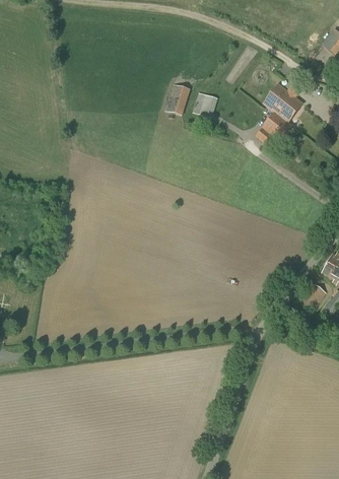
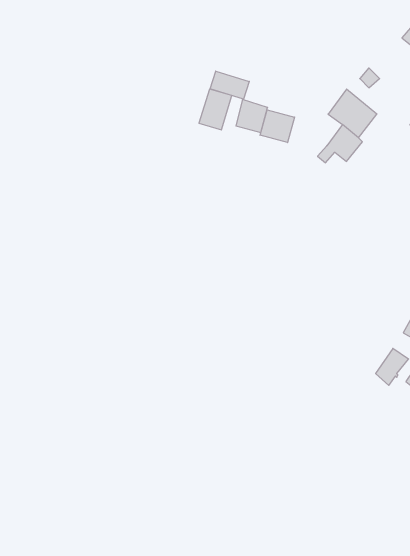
building: none -> [210,71,249,99]
building: none -> [260,110,295,143]

